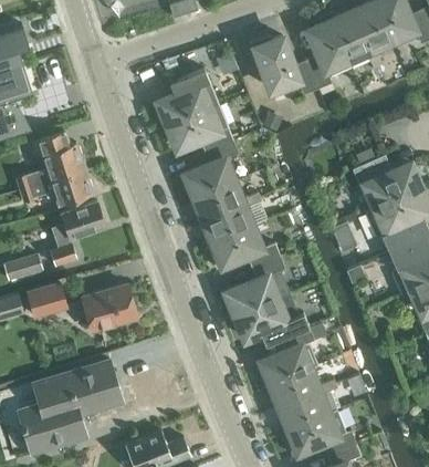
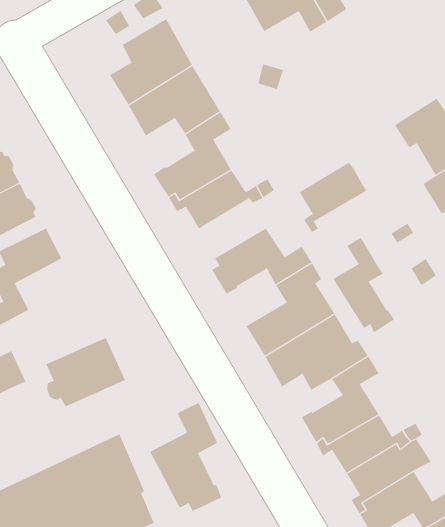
building: [203,205,251,250] -> [299,162,367,233]
building: none -> [333,237,395,333]
building: none -> [149,402,222,512]

